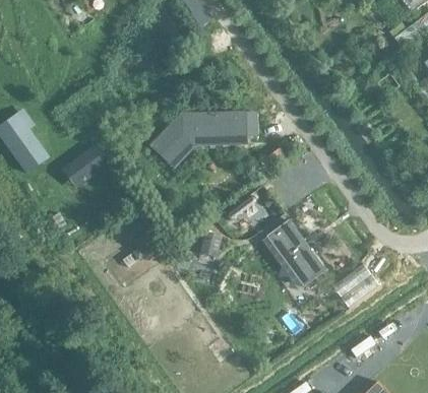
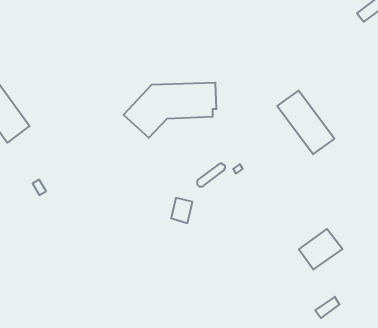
building: [70,144,107,179] -> none
building: [265,219,325,286] -> [277,90,334,154]

